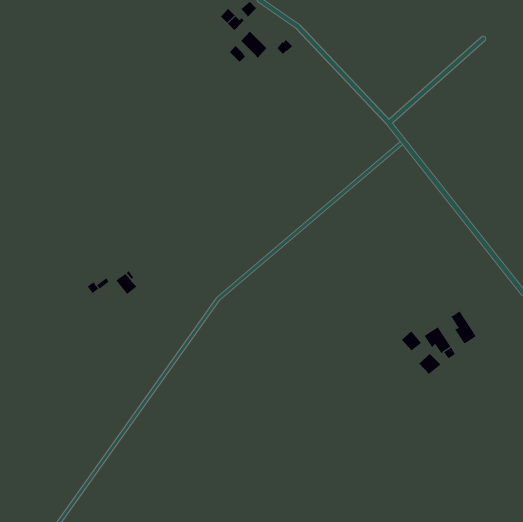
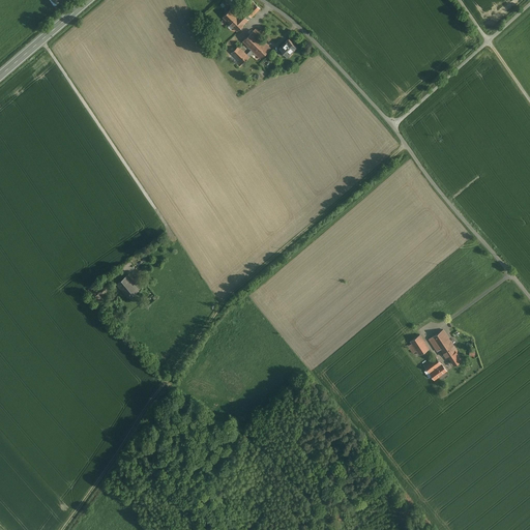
building: [450,310,477,345] -> none

